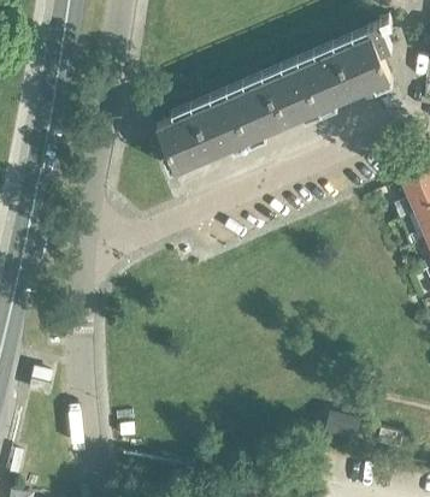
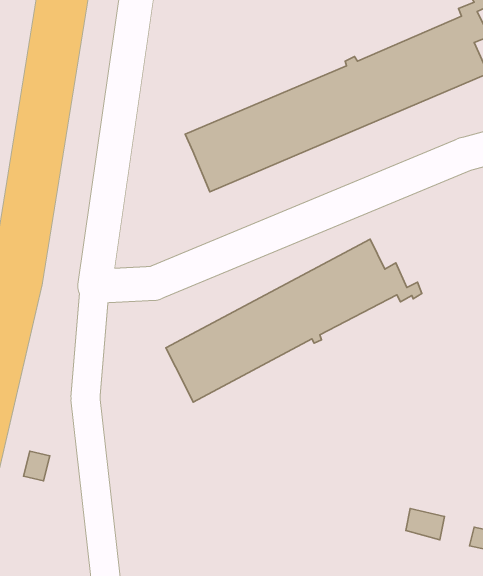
building: none -> [166,239,422,402]

